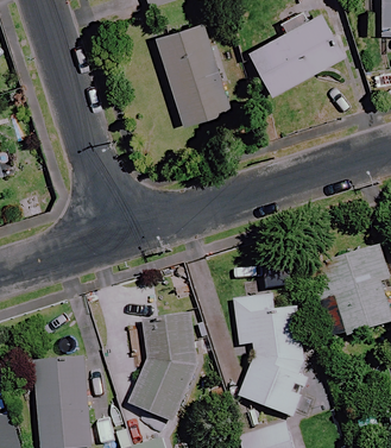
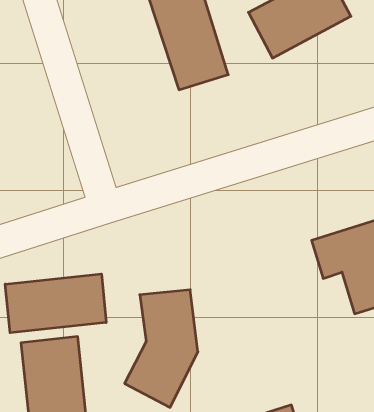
building: [229,286,314,419] -> none
building: none -> [5,274,106,333]

